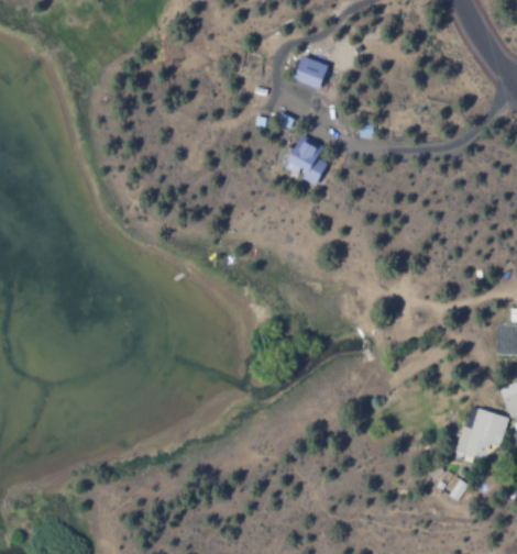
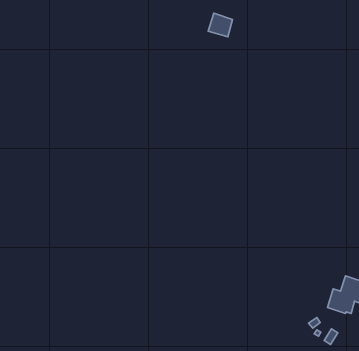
building: [285,135,327,184] -> none

